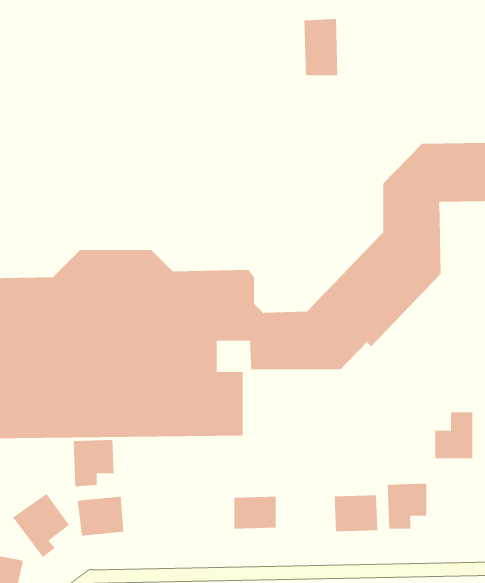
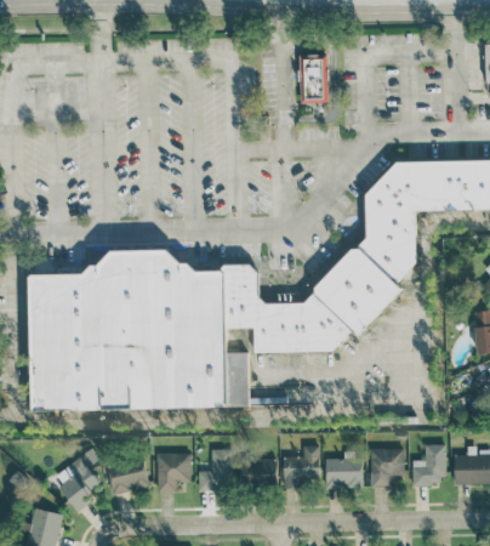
building: [434,412,473,459] -> [412,444,445,484]
building: [73,439,115,487] -> [156,453,192,493]
building: none -> [284,445,320,488]
building: none -> [199,449,233,491]

